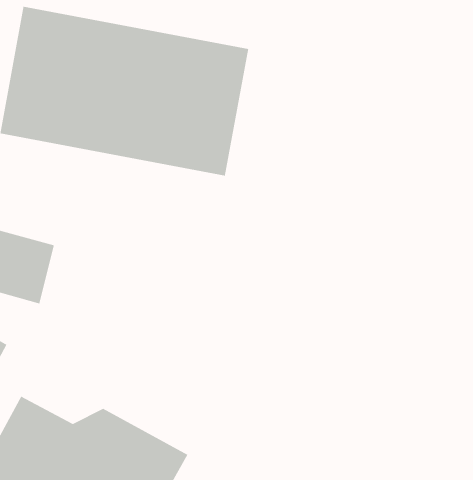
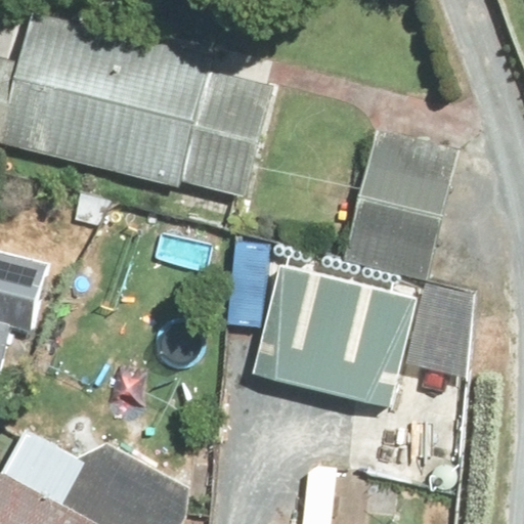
building: none -> [341,133,453,283]
building: none -> [250,264,418,410]

